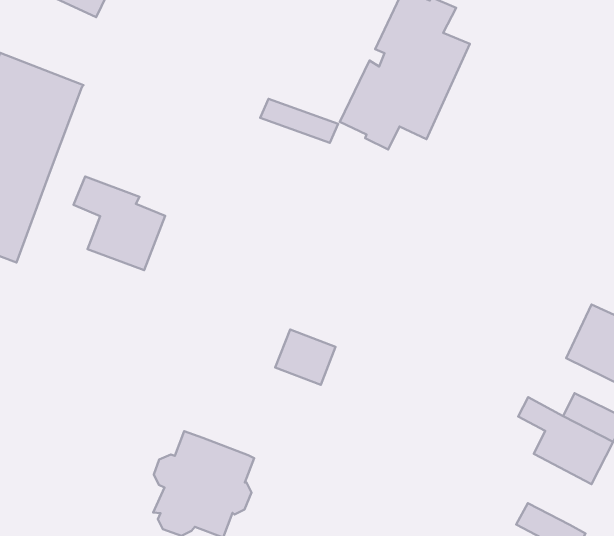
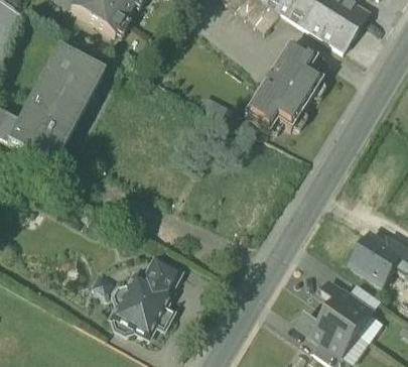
building: [73,177,165,270] -> none
building: [275,330,336,385] -> [144,259,179,292]
building: none -> [299,313,359,355]

